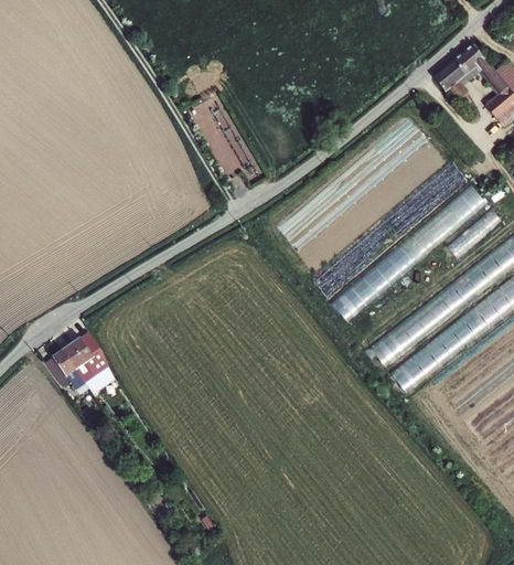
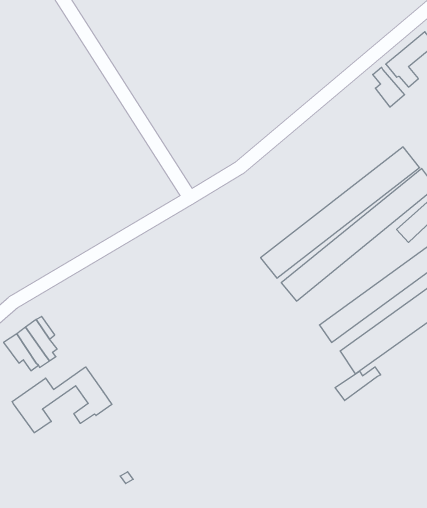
building: none -> [373,67,405,107]
building: none -> [12,367,112,433]
building: none -> [335,367,381,401]

